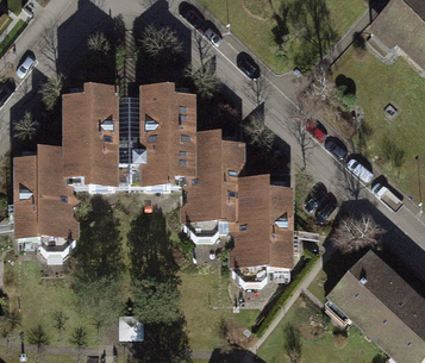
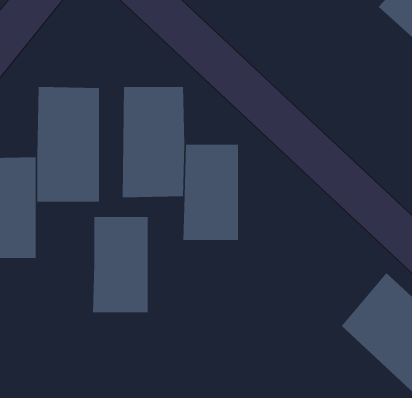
building: [240,181,289,264] -> [92,217,149,313]

